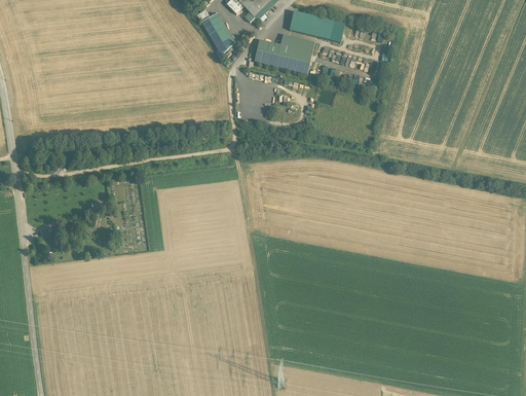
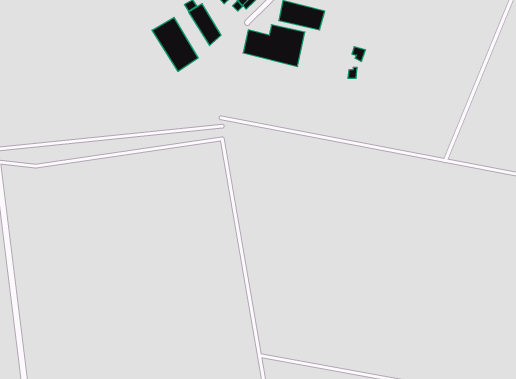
building: none -> [152,17,198,71]

